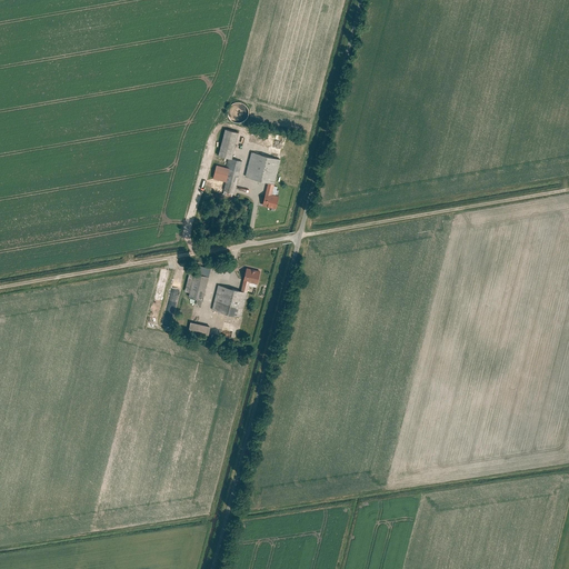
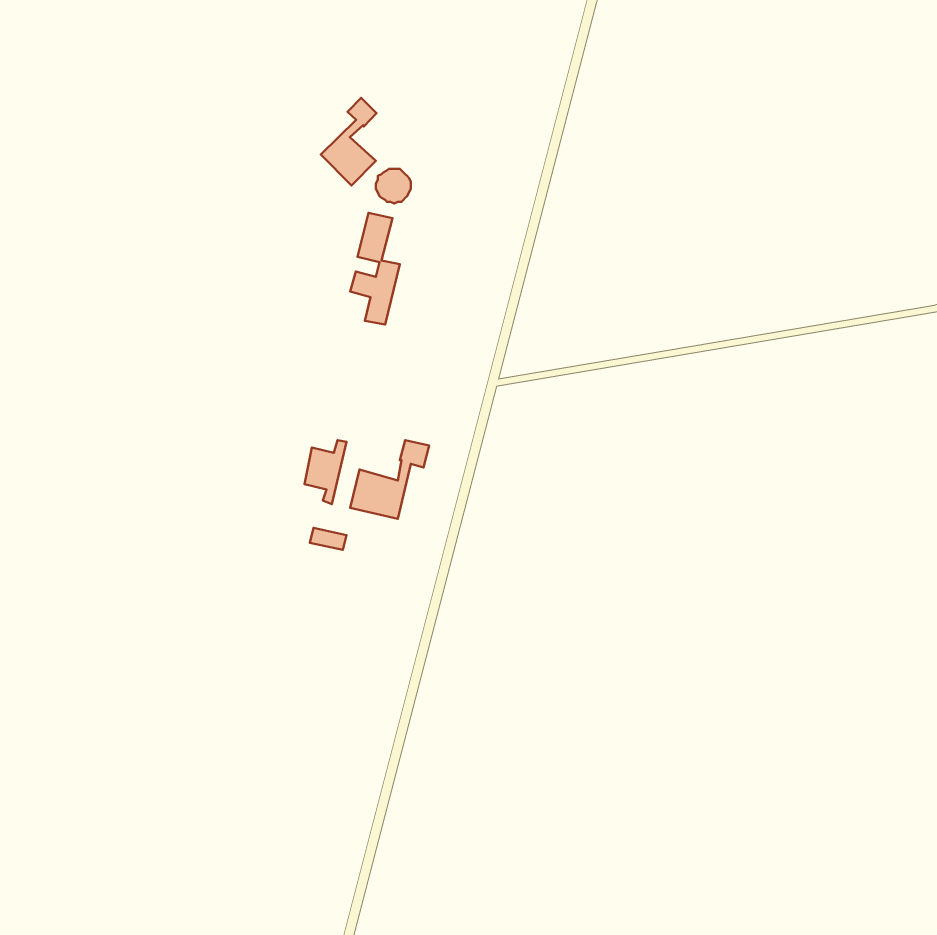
building: none -> [321,98,376,185]
building: [246,153,282,212] -> none

